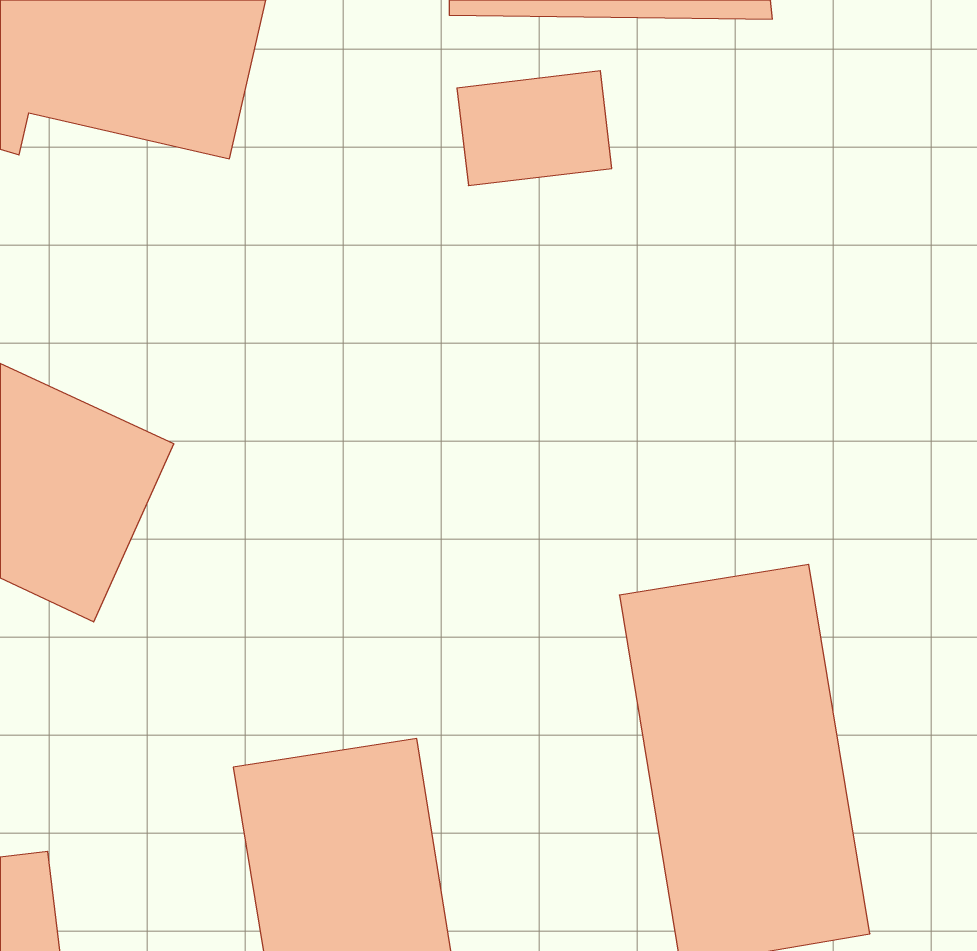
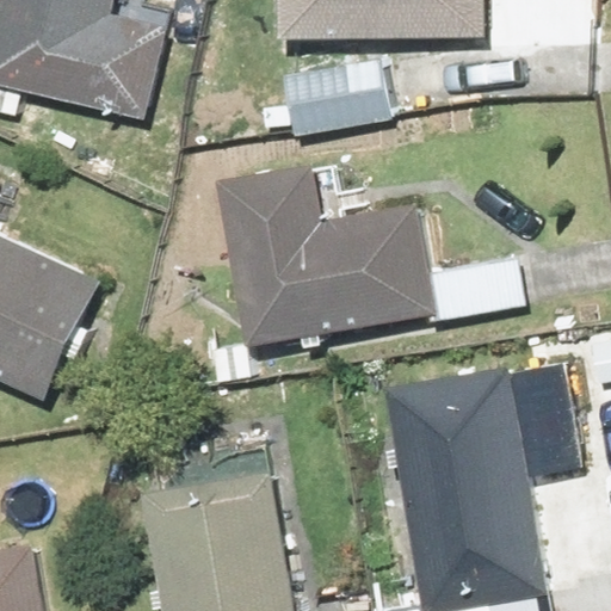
building: none -> [229,165,432,335]

